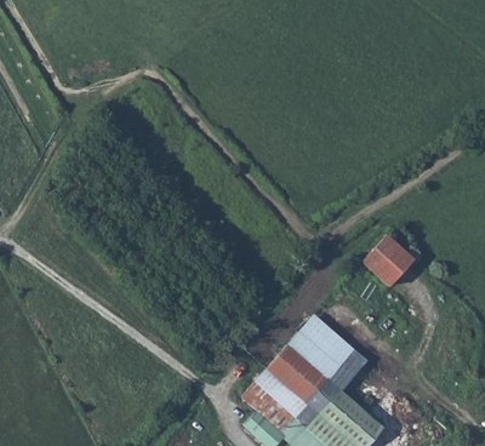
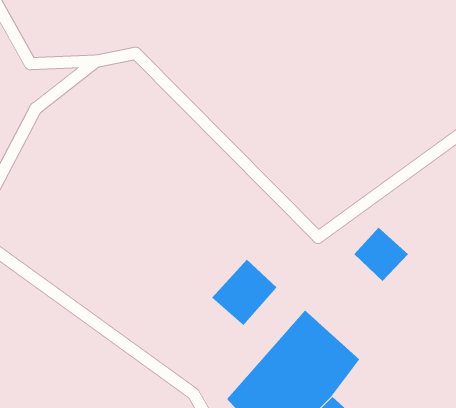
building: none -> [211,259,277,326]

